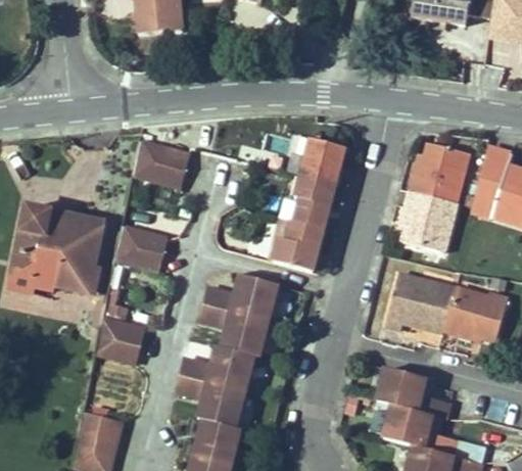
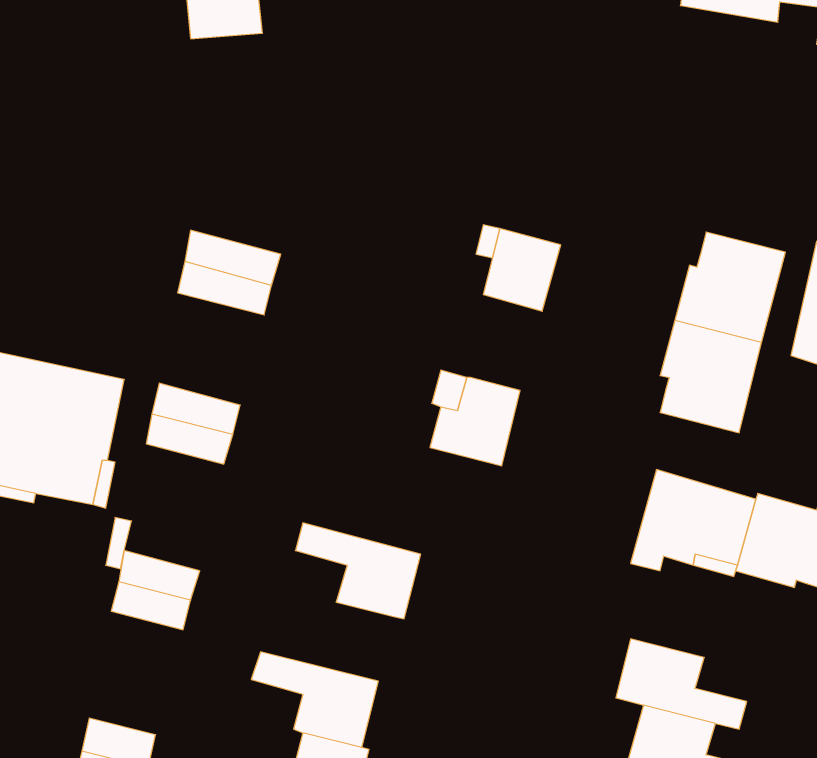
building: [295,176,335,229] -> none
building: [202,274,277,320] -> none
building: [179,344,253,390] -> none

